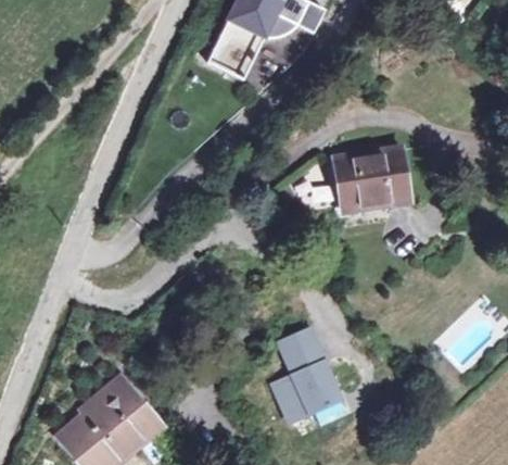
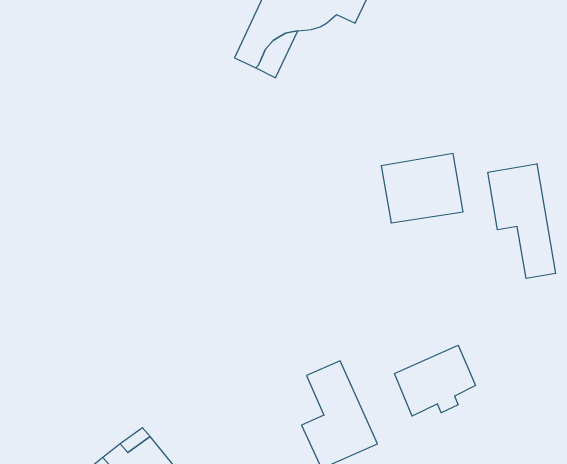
building: none -> [488,164,556,278]
building: none -> [395,345,476,416]

